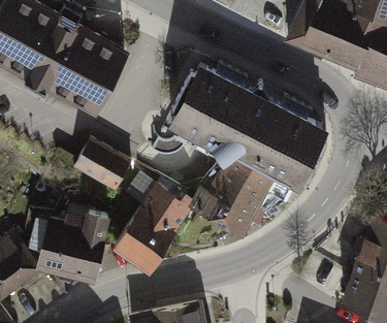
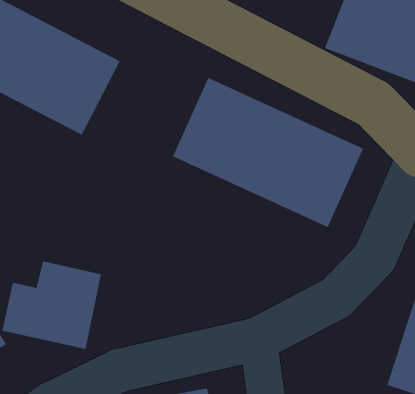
building: [78,142,133,190] -> none
building: [196,157,271,236] -> none
building: [115,187,188,267] -> none

